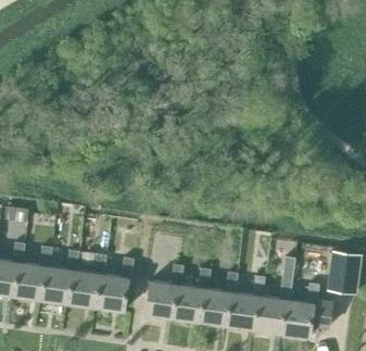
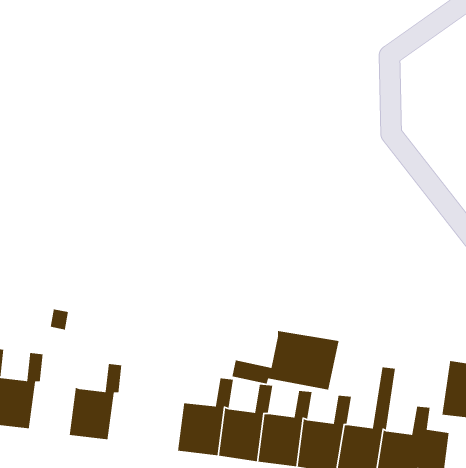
building: none -> [232,330,339,391]
building: [42,249,79,303] -> none
building: [97,256,134,311] -> none

